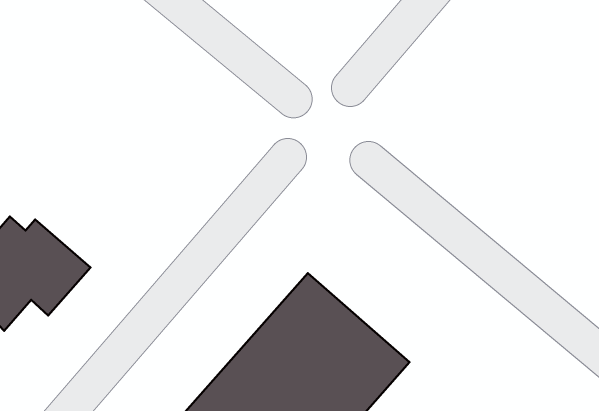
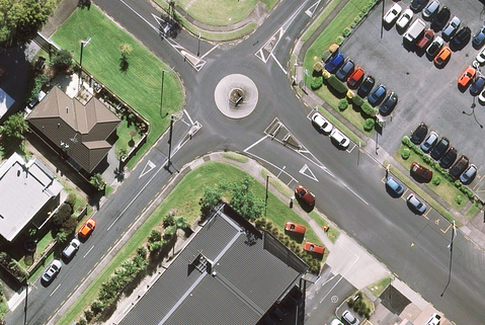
building: none -> [24,86,122,178]

